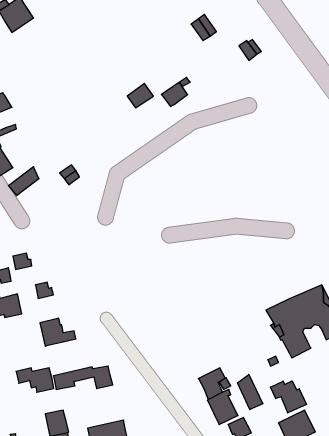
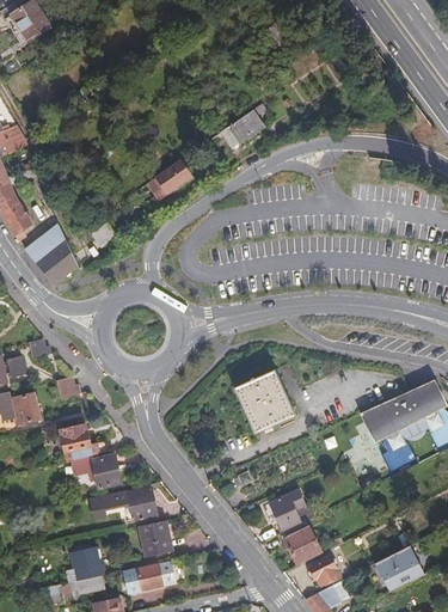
building: [127,83,153,108] -> [152,161,186,194]
building: none -> [31,239,73,284]
building: none -> [237,369,299,434]
building: [16,368,54,392] -> [73,455,123,488]
building: [237,374,263,410] -> none
building: [270,381,307,413] -> none
building: none -> [137,520,173,556]

